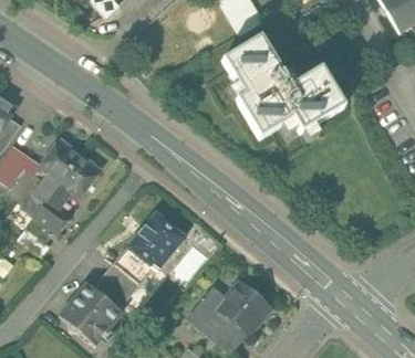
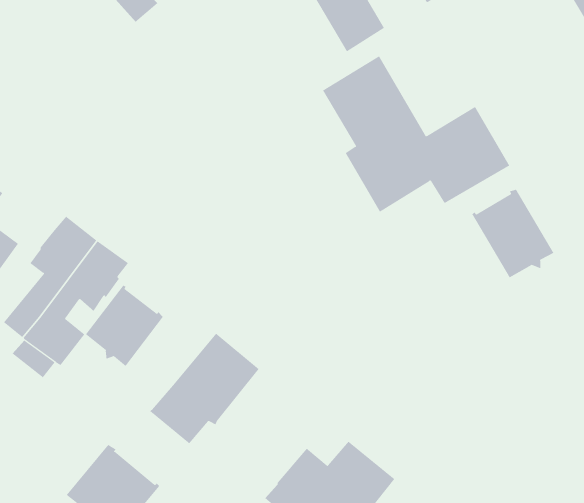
building: none -> [472,189,554,278]
building: none -> [85,285,164,367]
building: [92,262,139,309] -> none

